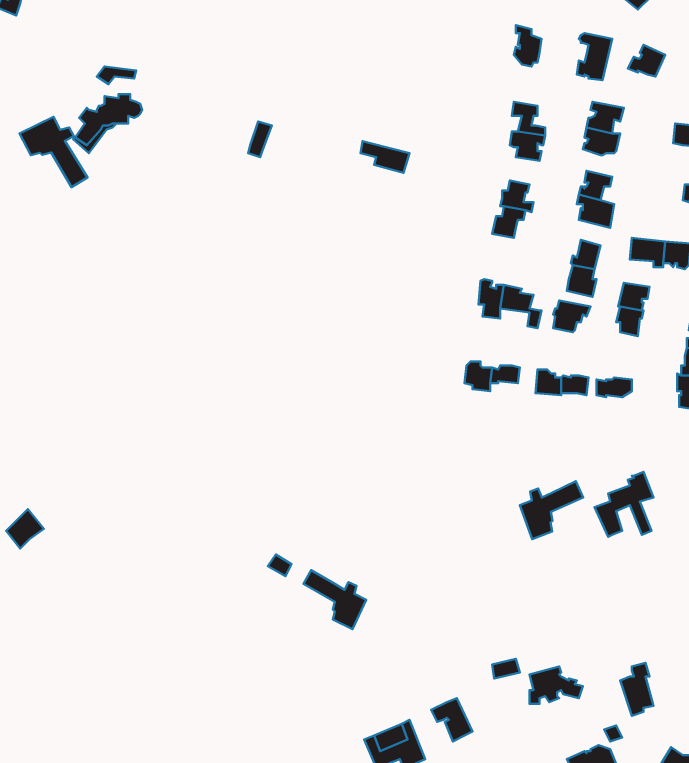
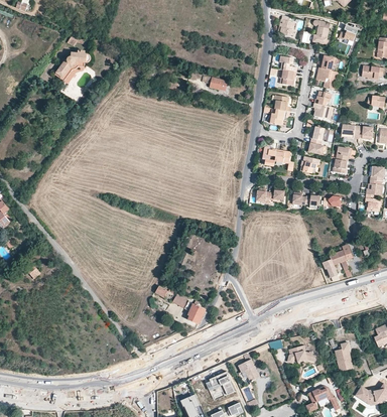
building: [19,117,87,187] -> none
building: [520,481,583,539] -> none

